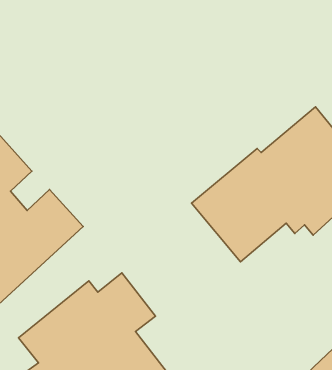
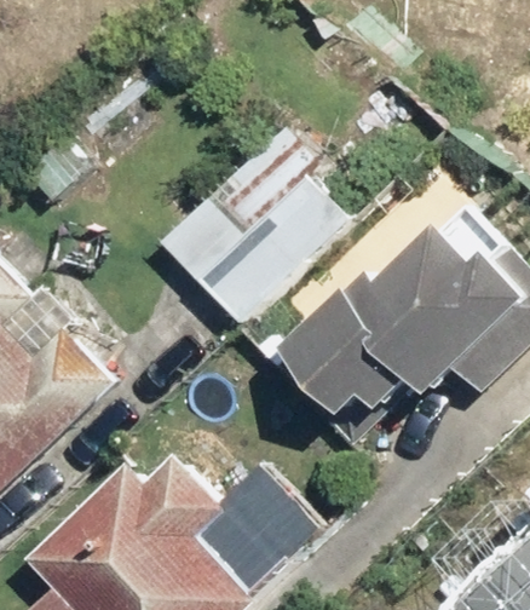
building: none -> [173,123,370,320]

